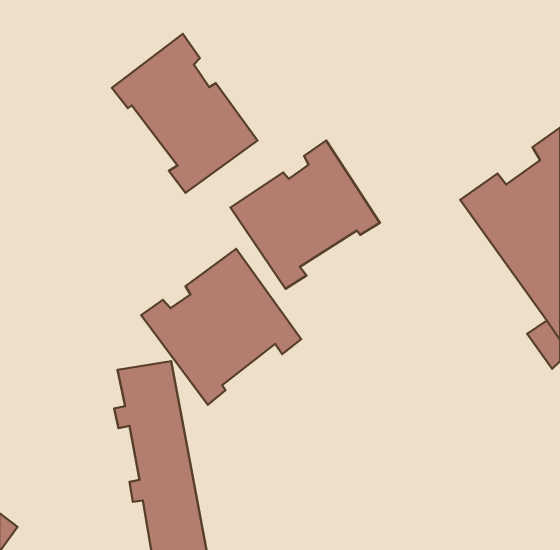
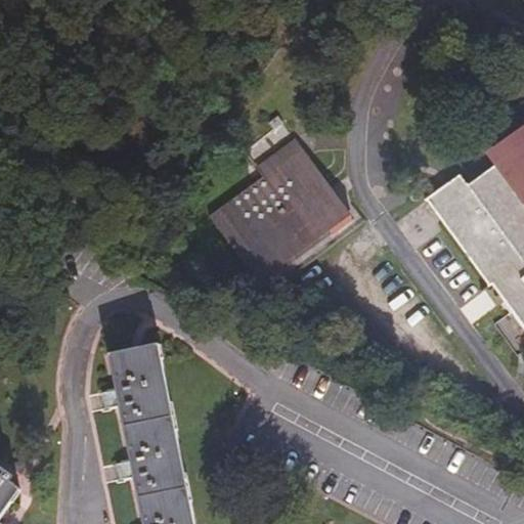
building: [112,34,257,193] -> none
building: [141,249,301,405] -> none

